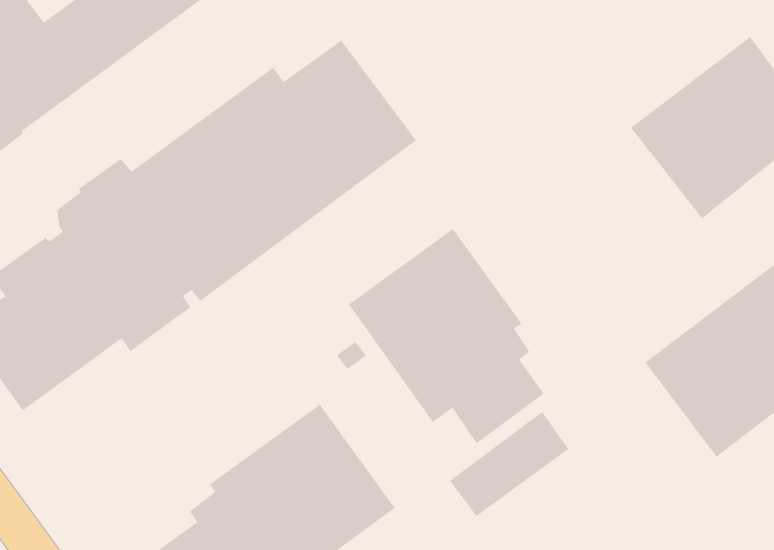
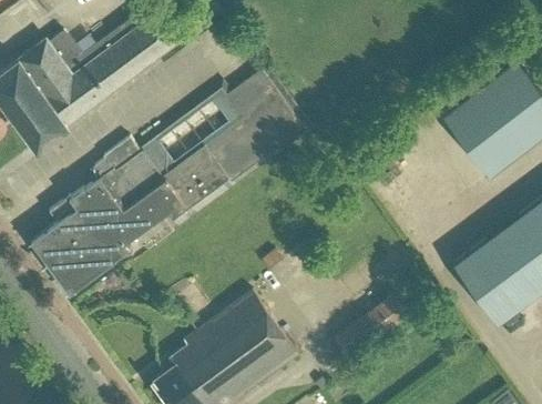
building: [348,228,544,444] -> none

